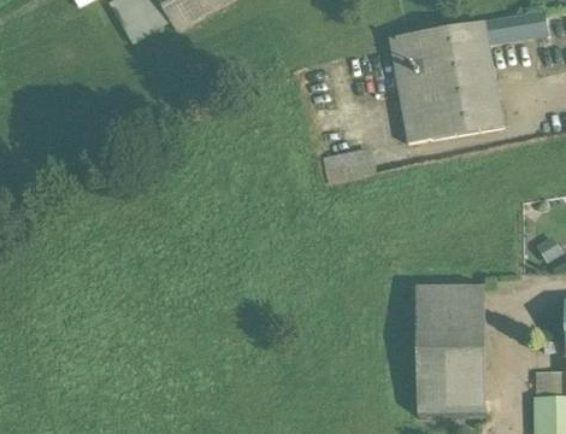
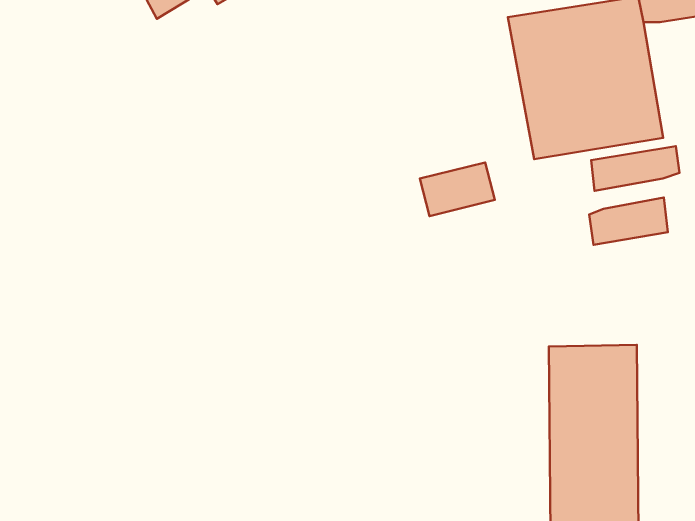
building: none -> [591,146,679,191]
building: none -> [589,198,668,245]

